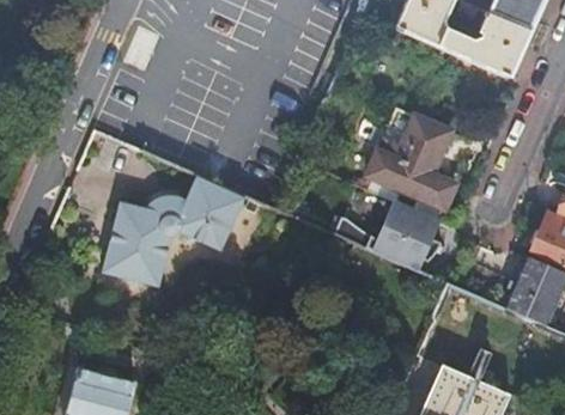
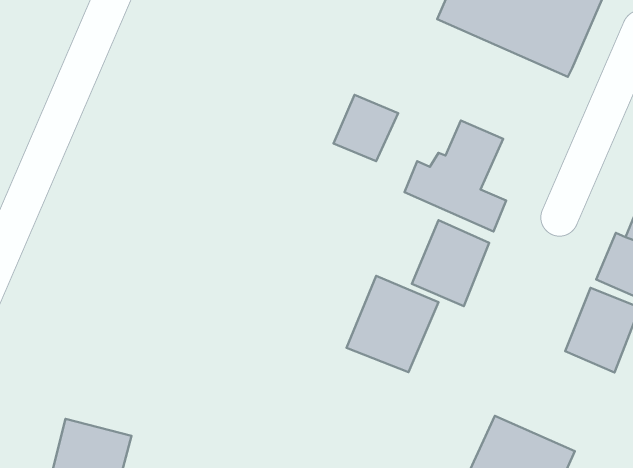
building: none -> [334,95,398,161]
building: [103,178,243,286] -> none
building: none -> [346,276,438,372]

